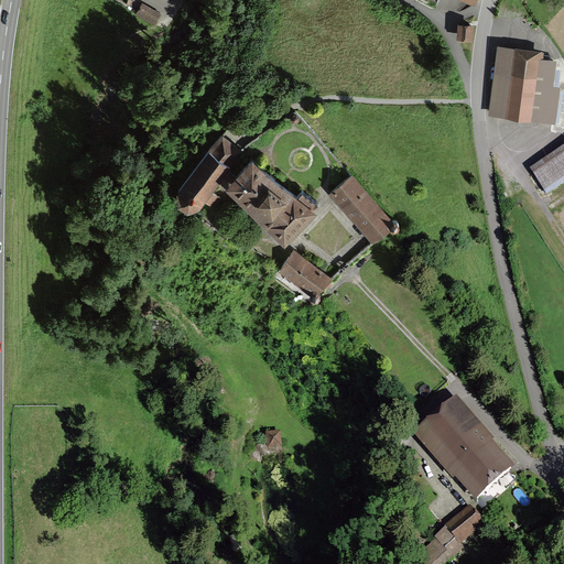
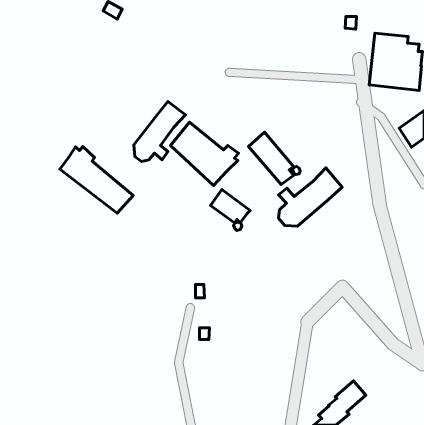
building: none -> [60,147,133,213]
building: none -> [278,168,342,226]
building: [413,395,513,500] -> none

